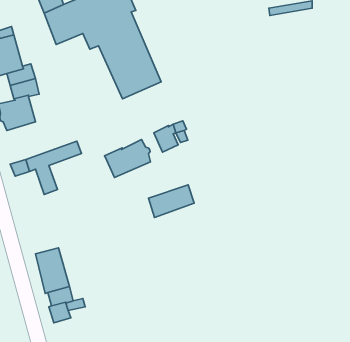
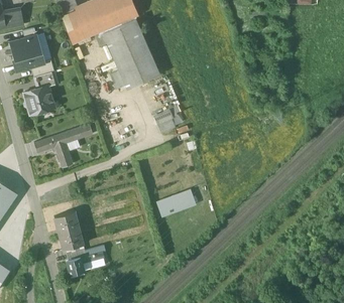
building: [104,139,150,177] -> none
building: [148,185,194,218] -> [156,189,195,216]

